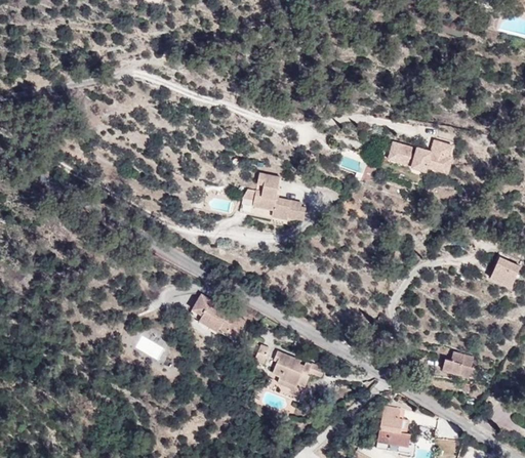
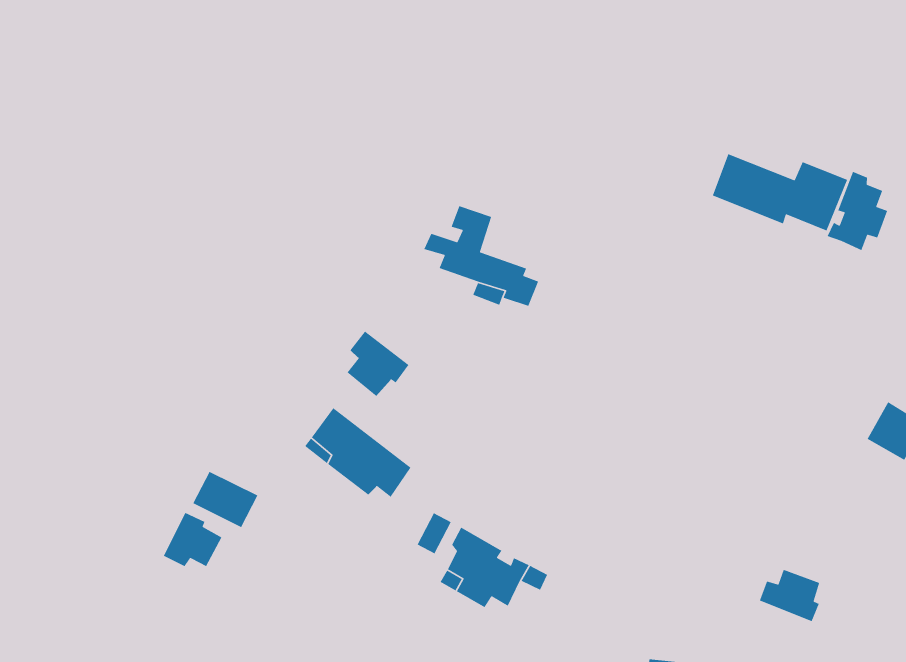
building: none -> [827,171,888,251]
building: none -> [346,330,410,397]
building: none -> [163,512,223,567]

